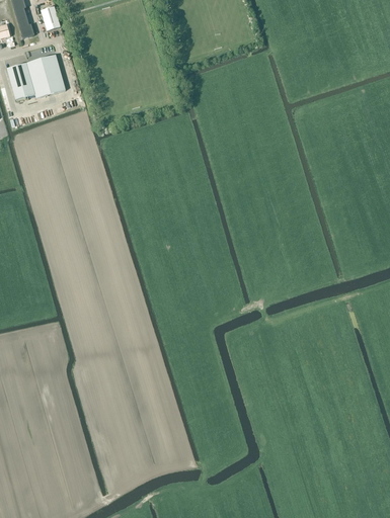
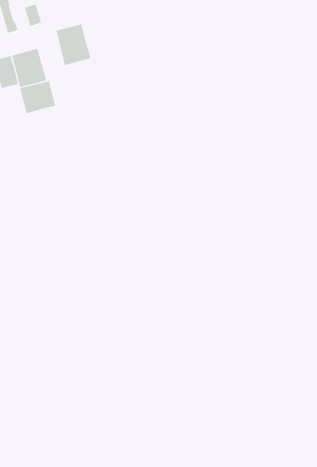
building: none -> [56,24,91,66]
building: none -> [20,80,56,114]

